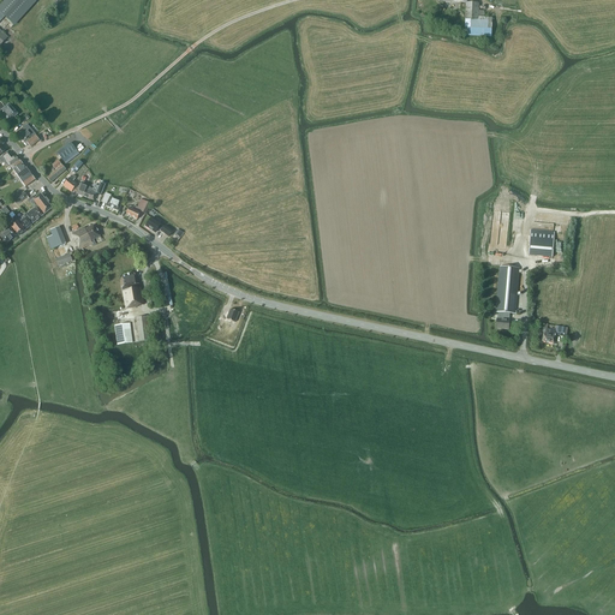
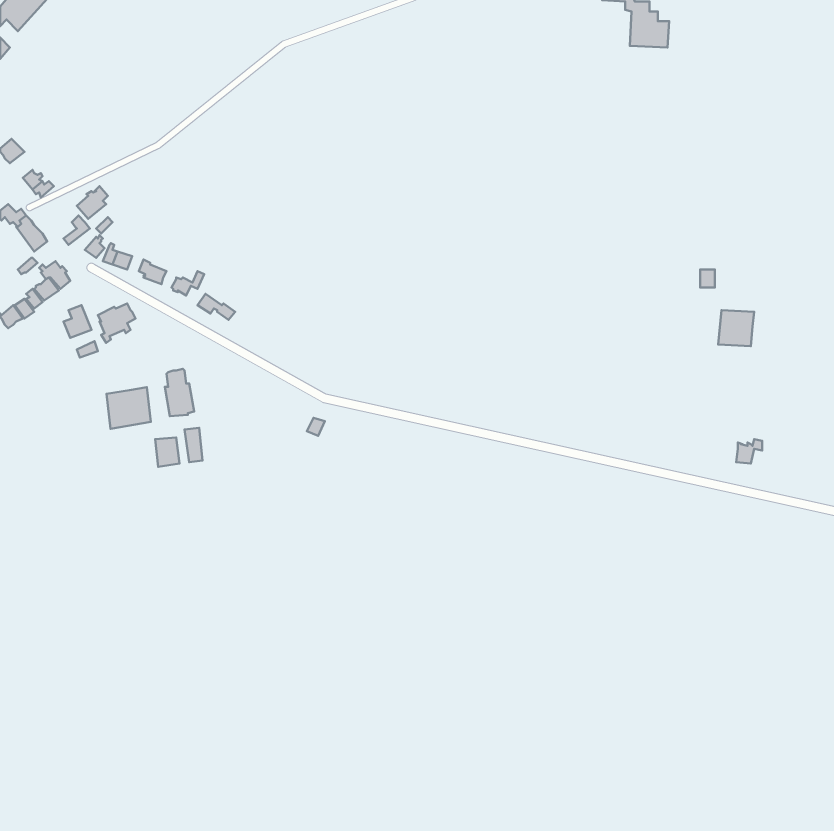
building: [496,265,519,328] -> none
building: none -> [106,387,151,429]

